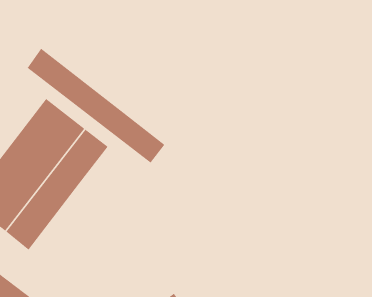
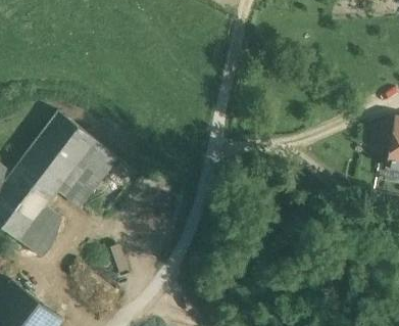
building: [27,48,165,164] -> none

